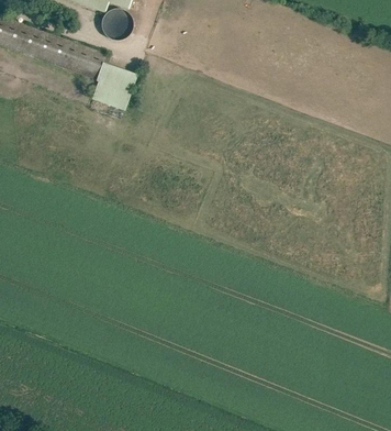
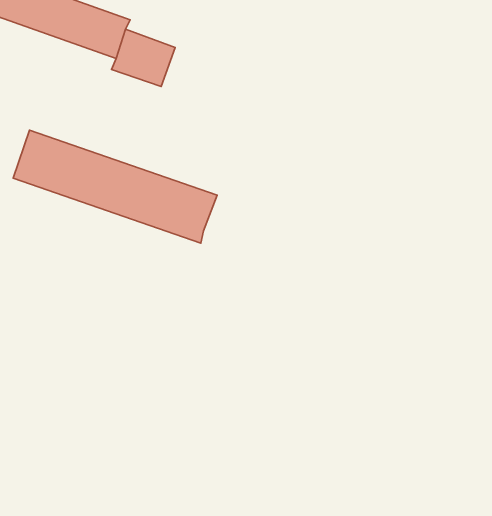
building: none -> [13,130,217,243]

